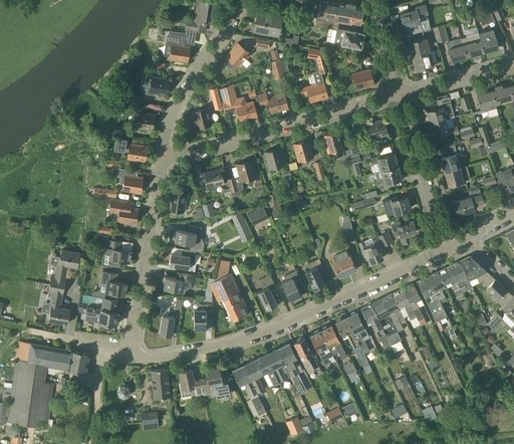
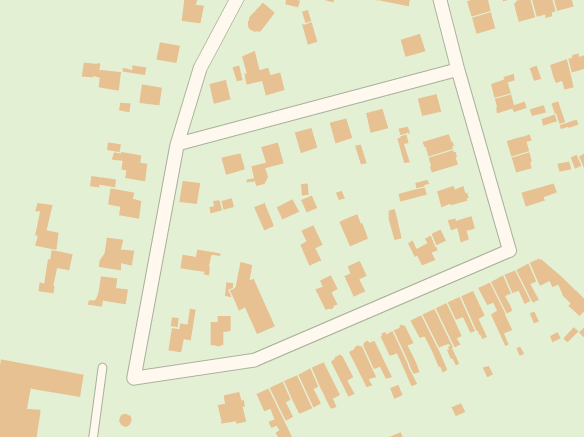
building: [300,48,329,102] -> none
building: [258,94,288,114] -> none
building: [113,139,148,163] -> [81,62,122,91]
building: [174,226,203,253] -> none
building: [330,249,355,277] -> [339,213,369,247]
building: [163,273,196,292] -> none
building: [258,275,278,310] -> [299,224,323,267]
building: [48,285,69,325] -> [34,202,60,251]
building: [85,296,118,325] -> none
building: [151,369,171,399] -> none
building: [179,370,203,396] -> none

